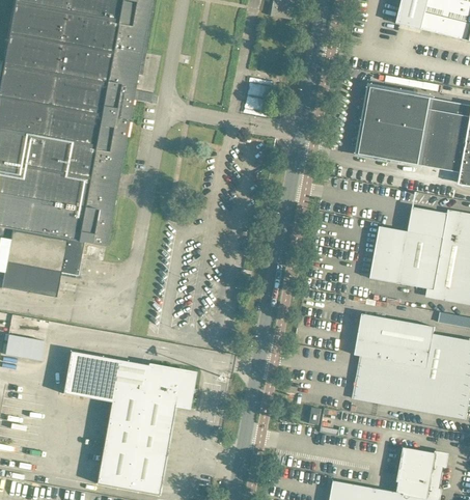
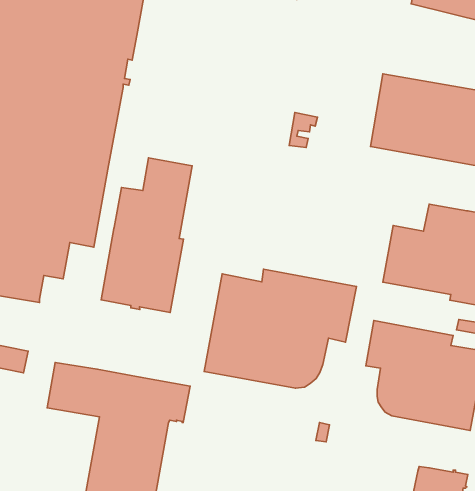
building: [246,77,272,109] -> [289,113,317,148]
building: none -> [101,158,192,313]
building: none -> [204,269,356,388]

